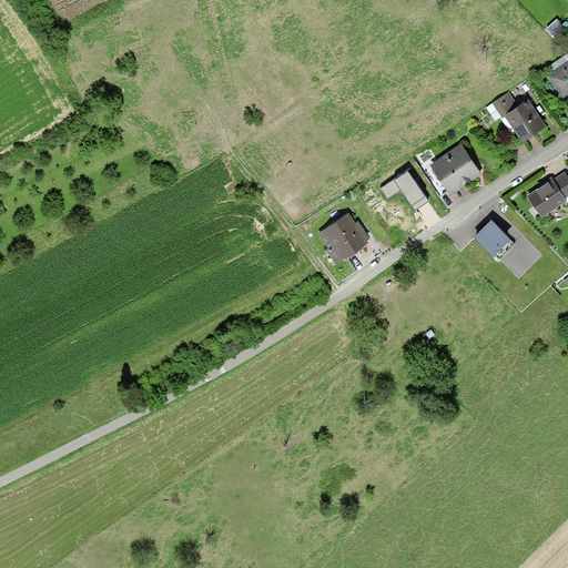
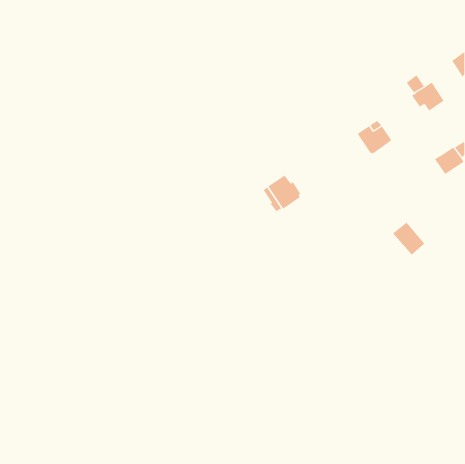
building: [381,169,430,210] -> none
building: [473,221,513,262] -> [392,222,425,255]

